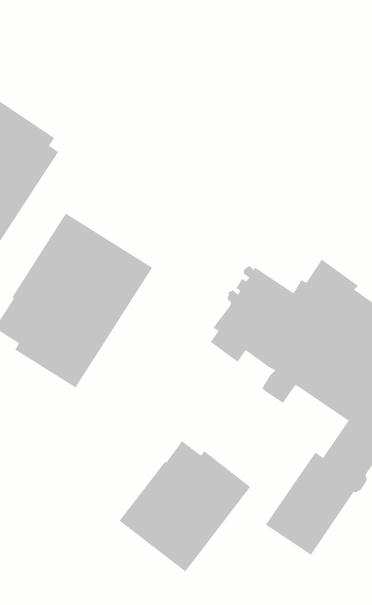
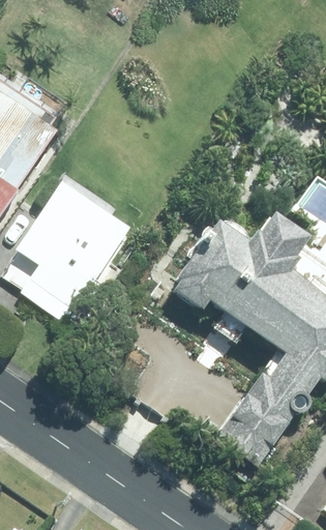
building: [119,440,251,572] -> none

